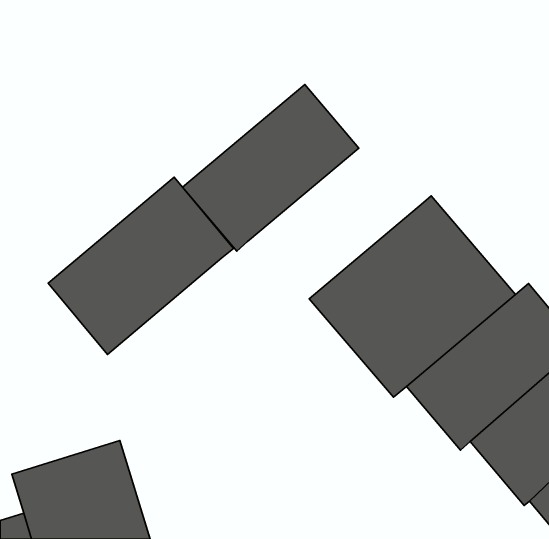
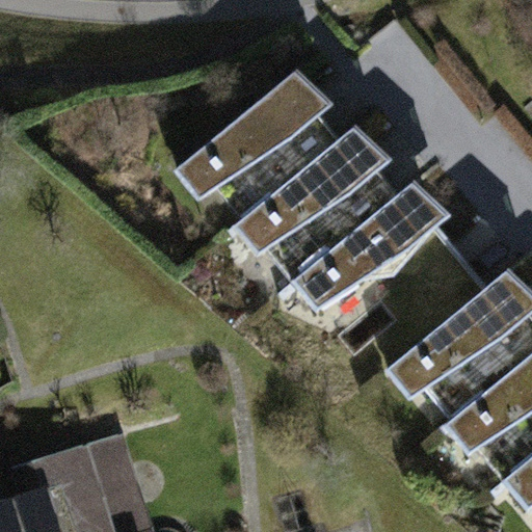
building: none -> [241,133,410,293]
building: [48,177,234,355] -> none

